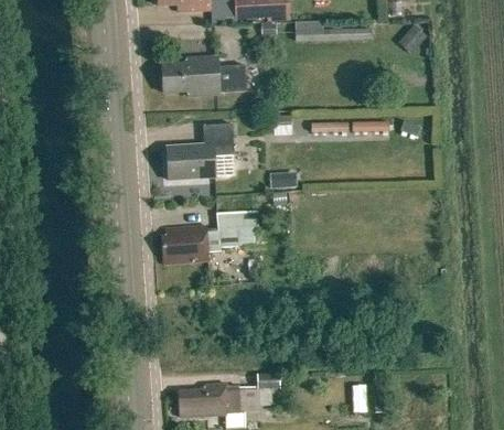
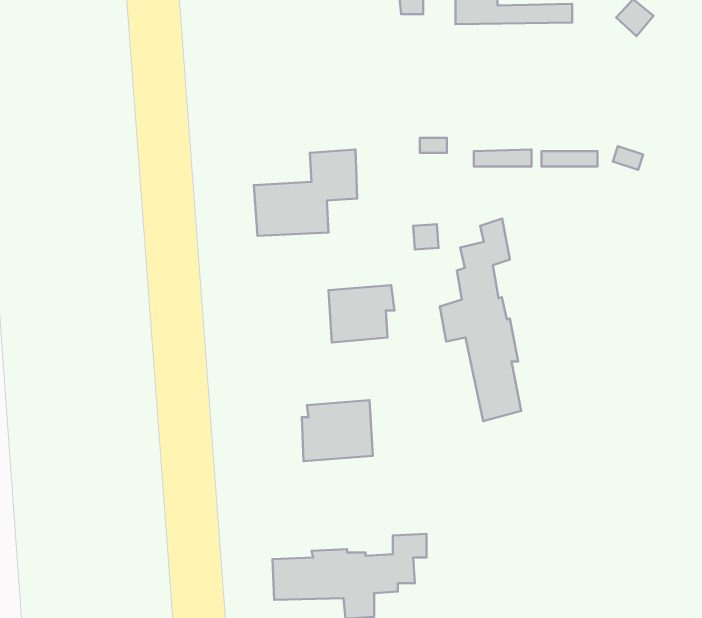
building: [162,55,246,95] -> none
building: none -> [440,218,521,421]
building: [162,224,208,264] -> [302,400,373,461]

